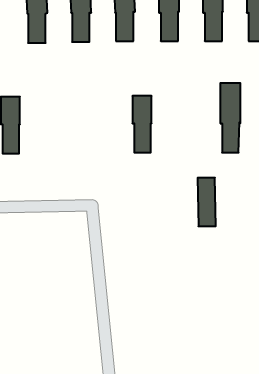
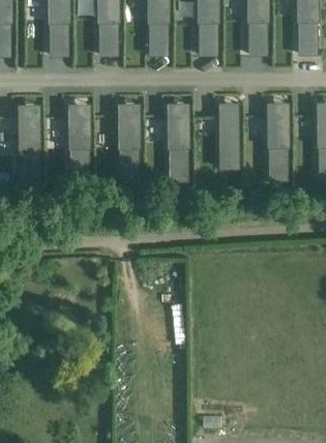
building: none -> [68,115,90,180]
building: none -> [118,116,140,180]
building: [198,178,216,226] -> [218,112,239,167]

